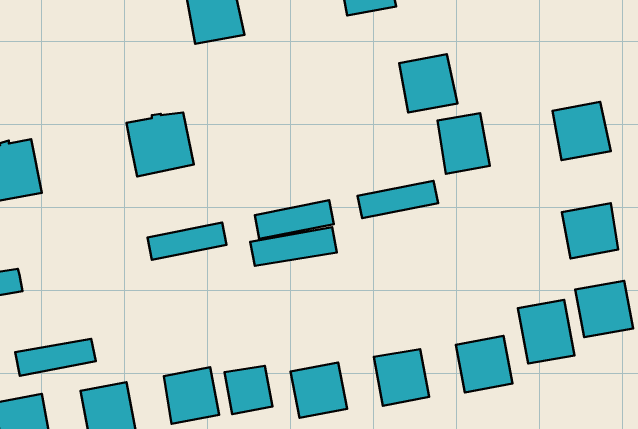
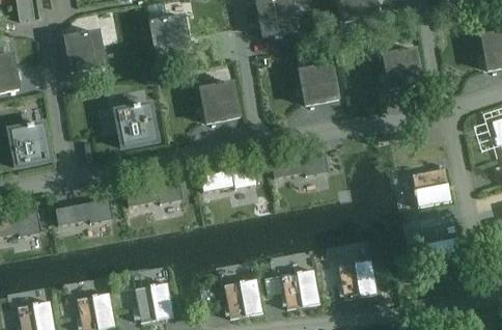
building: none -> [66,30,107,72]
building: none -> [201,81,241,122]
building: [553,102,611,160] -> [384,48,424,88]
building: [437,113,490,174] -> none
building: [518,300,574,364] -> none
building: [15,339,96,376] -> [53,199,109,225]
building: [224,366,272,414] -> none

